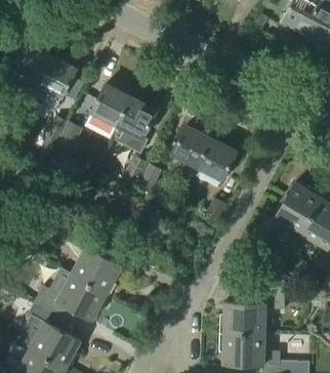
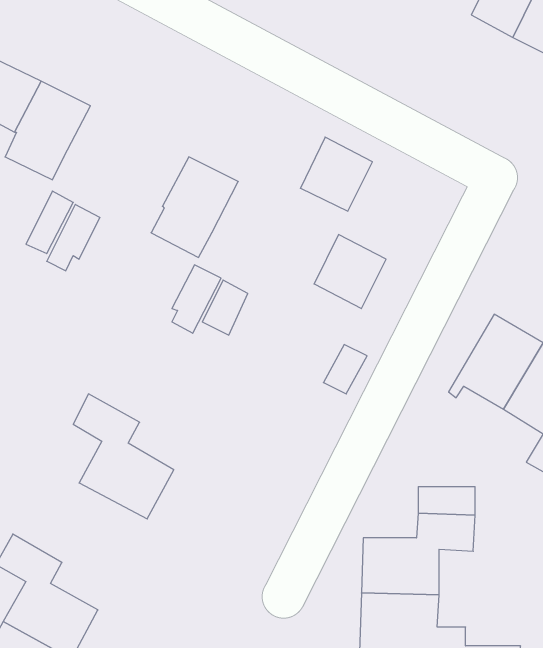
building: [90,85,129,124] -> none
building: [171,126,210,166] -> [300,137,372,211]
building: [34,274,107,321] -> none

